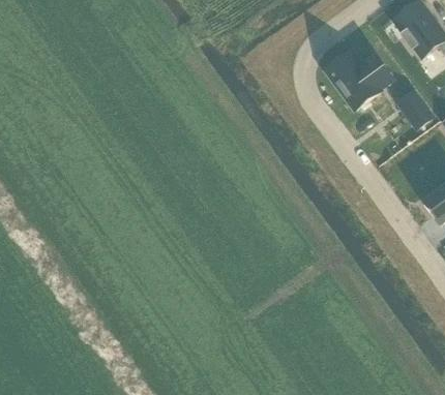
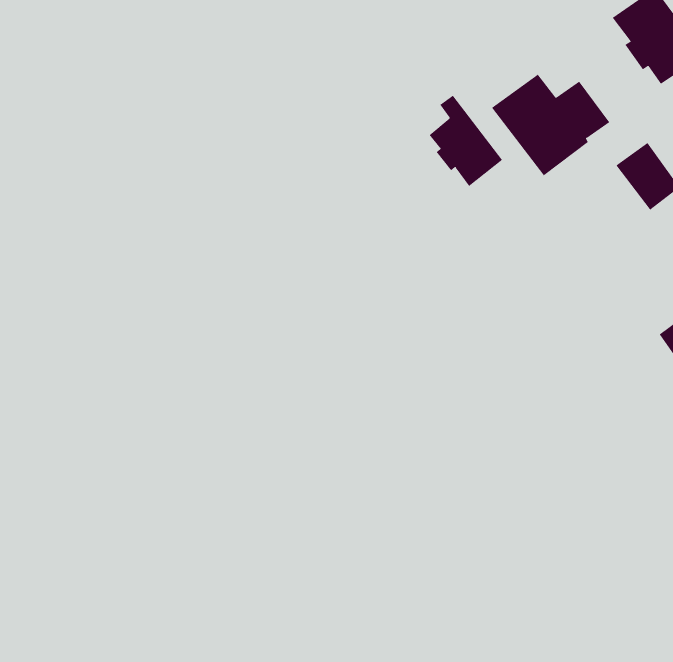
building: none -> [429,95,503,187]

